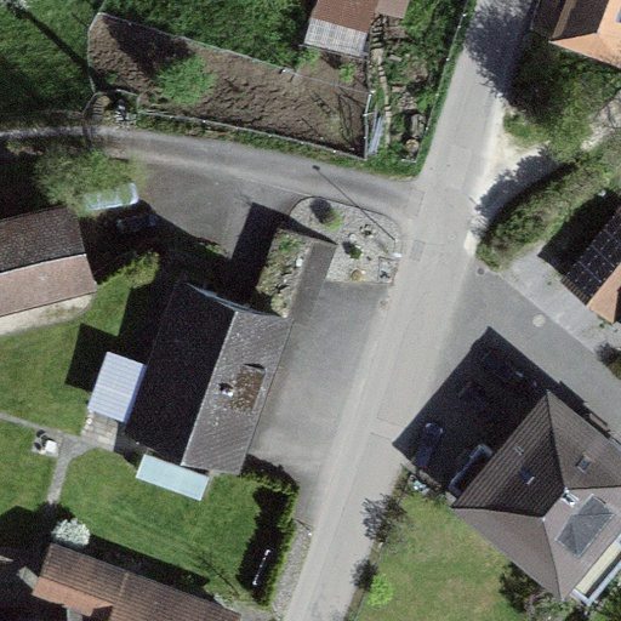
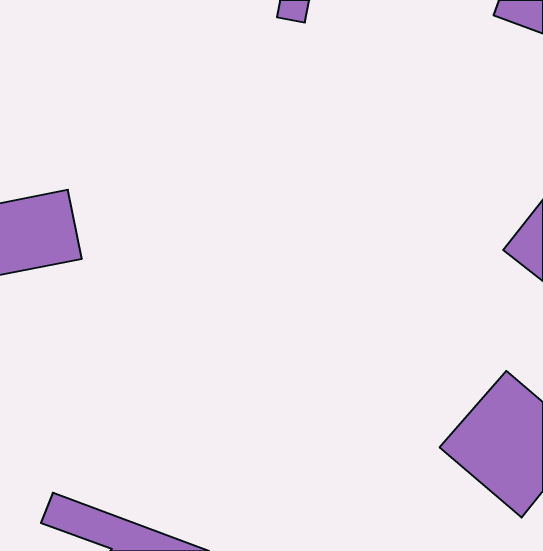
building: [149,297,284,457] -> none

